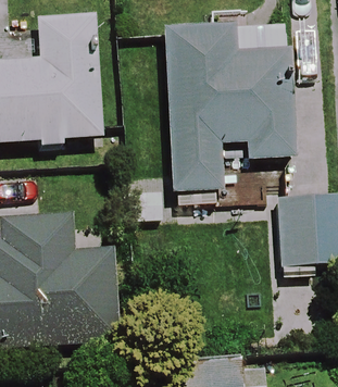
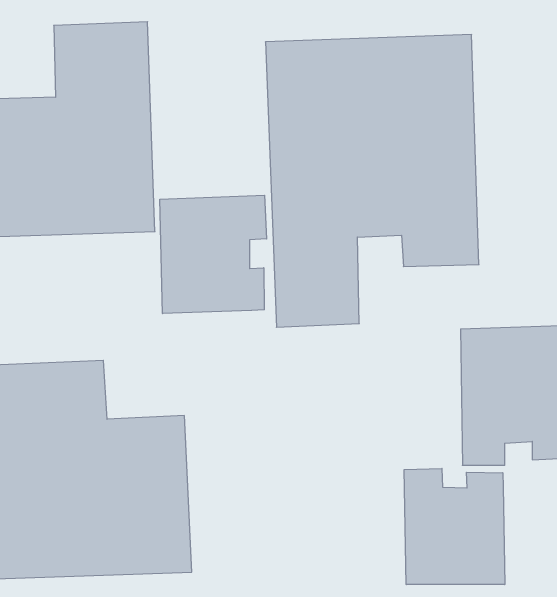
building: none -> [160,195,267,314]
building: none -> [404,468,505,585]

